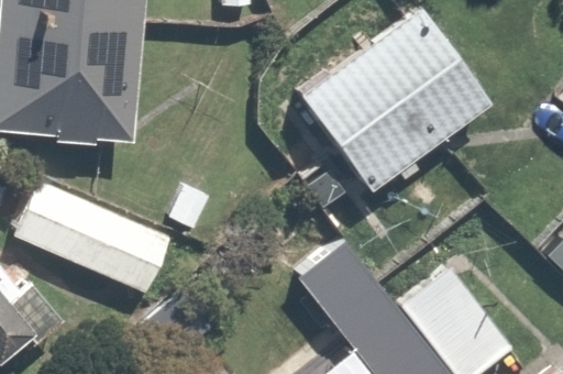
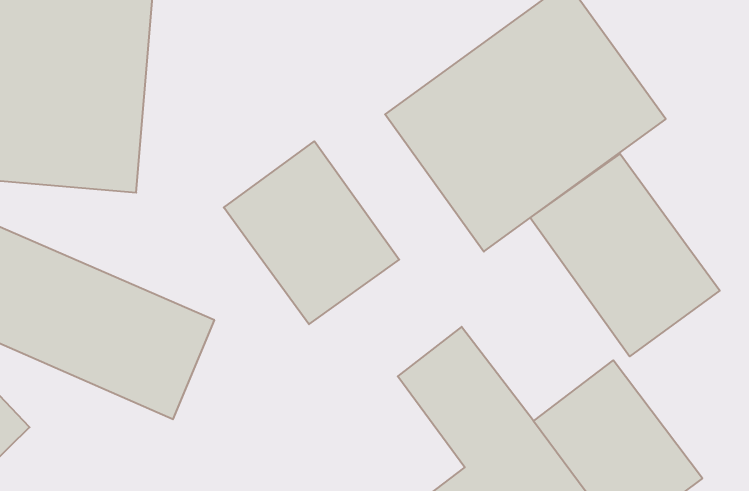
building: none -> [224,141,399,324]
building: none -> [530,154,720,356]

